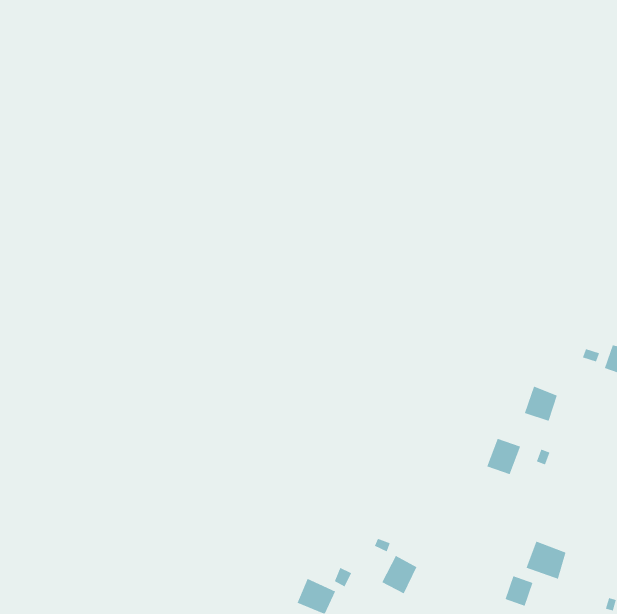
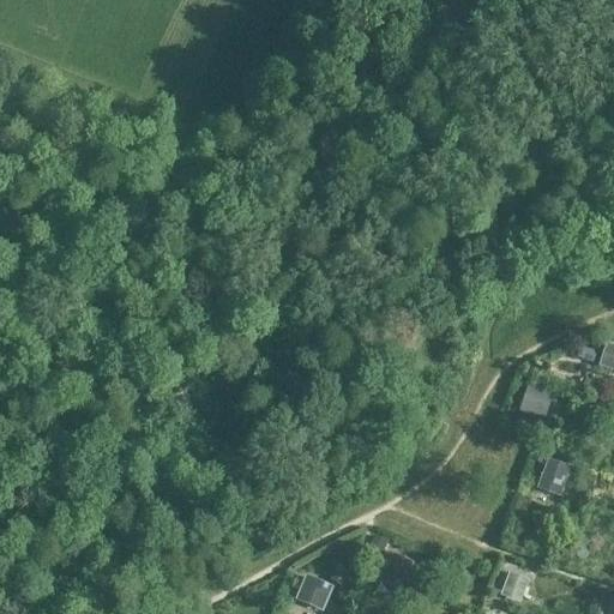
building: [486,438,521,475] -> [537,458,572,495]
building: [526,540,567,580] -> none

